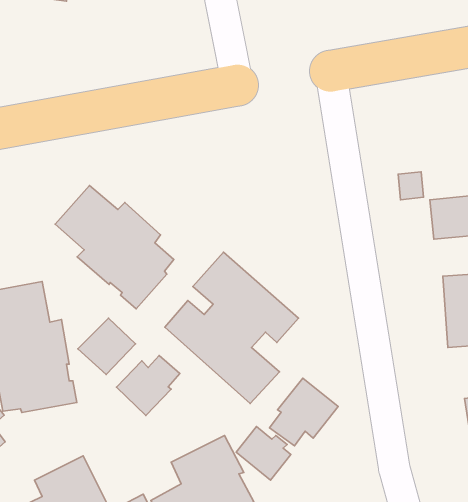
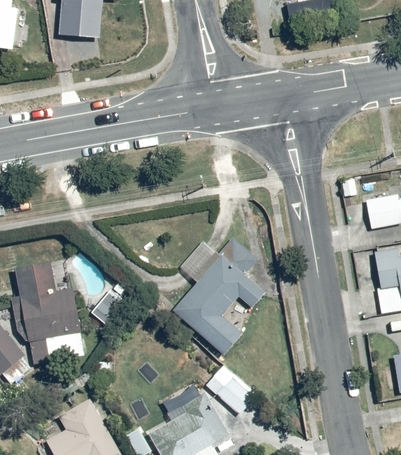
building: [55,185,174,309] -> none
building: [116,355,180,416] -> none
building: [270,378,338,446] -> none

